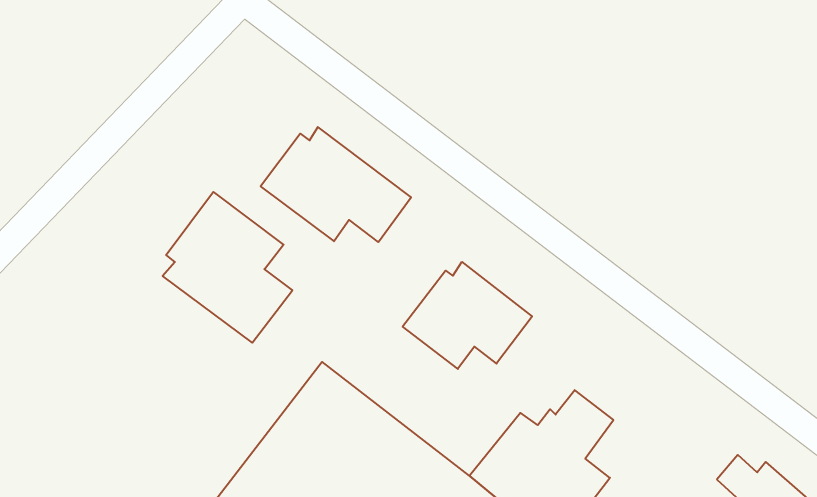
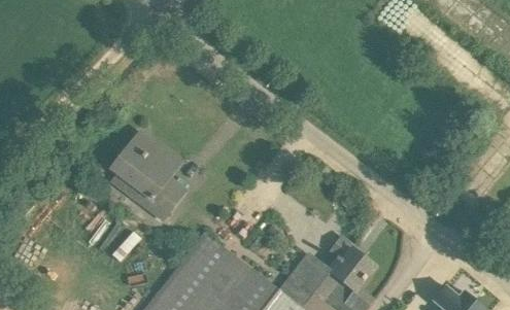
building: [261,127,411,242] -> none
building: [403,262,532,369] -> none

